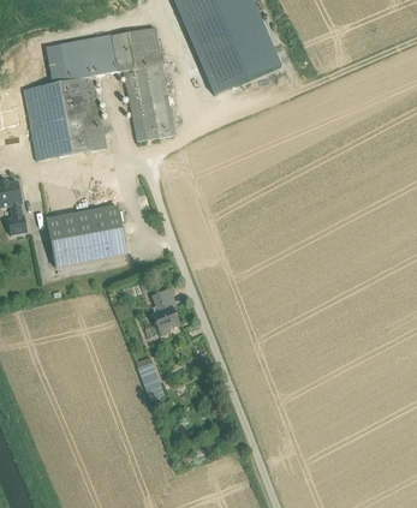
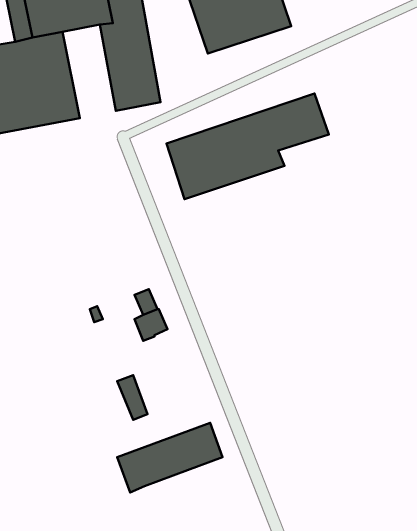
building: none -> [166,93,329,199]
building: [46,205,126,265] -> none
building: none -> [117,423,222,493]

